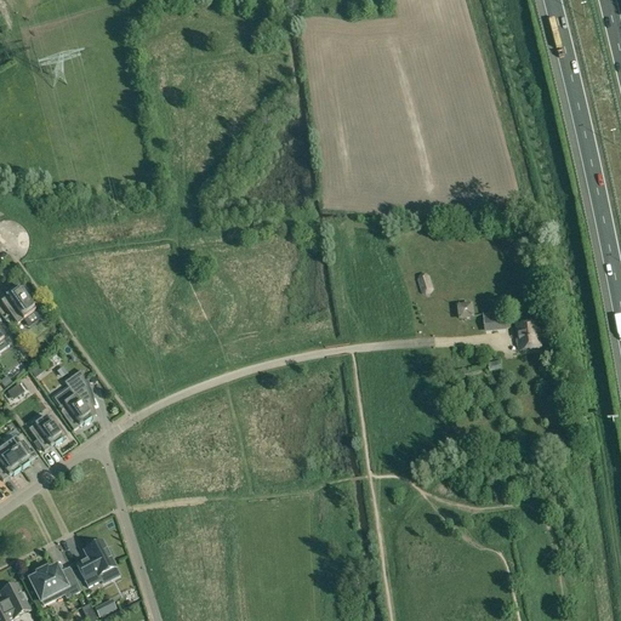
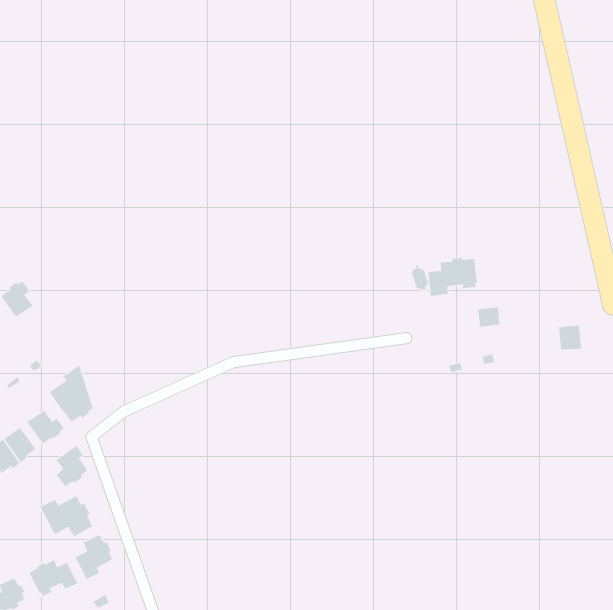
building: none -> [428,258,477,297]
building: [515,320,540,346] -> [558,325,582,350]
building: none -> [56,445,88,487]
building: none -> [40,496,93,537]

